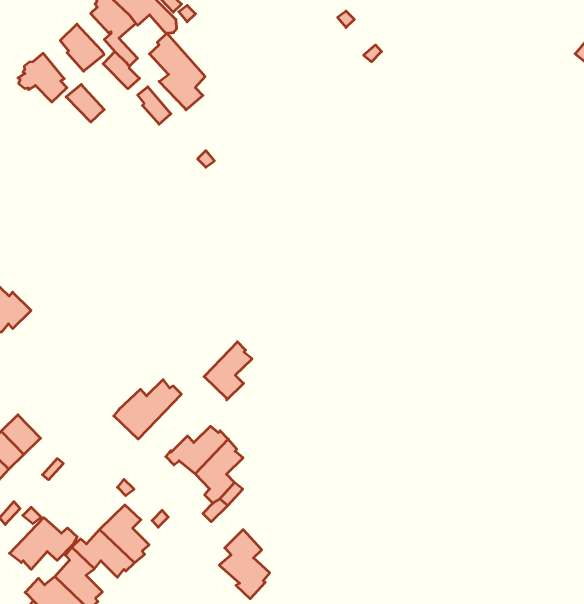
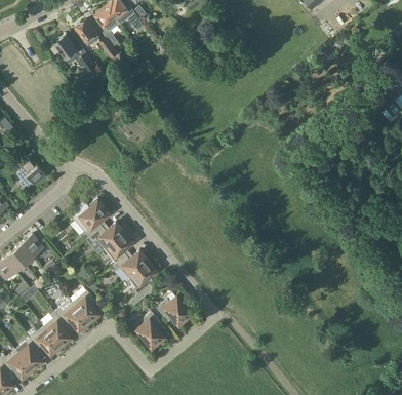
building: [149,33,205,110] -> none
building: none -> [72,199,108,237]
building: [204,342,252,400] -> [105,232,132,264]
building: none -> [156,297,194,324]
building: [9,518,77,569] -> none

